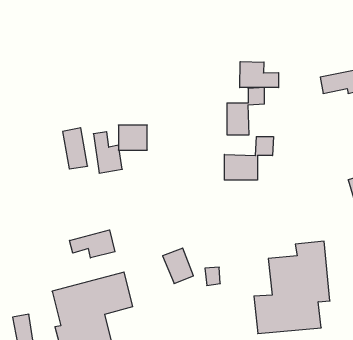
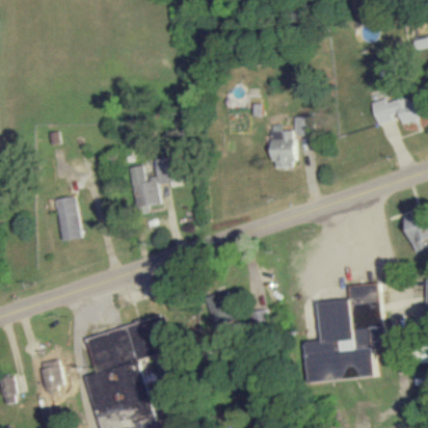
building: [240,62,279,88] -> none
building: [63,128,88,169] -> [55,195,82,240]
building: [224,137,273,180] -> none
building: [70,230,115,258] -> none

